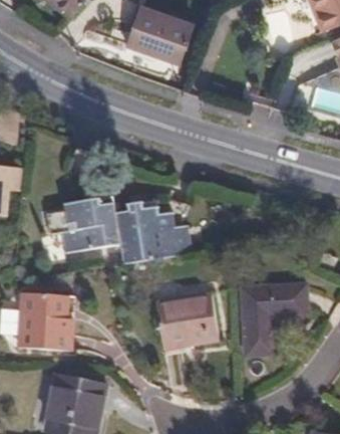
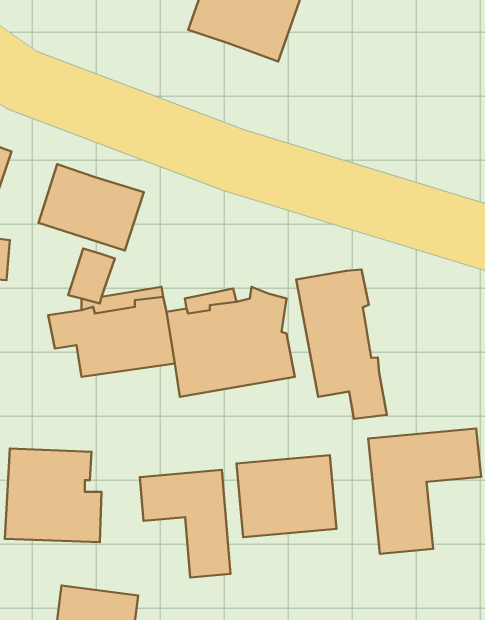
building: none -> [38,164,144,251]
building: none -> [296,269,387,419]
building: none -> [140,470,230,577]

